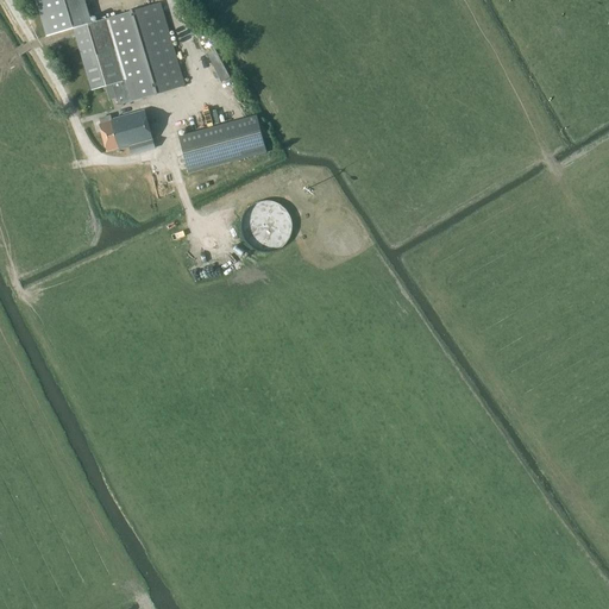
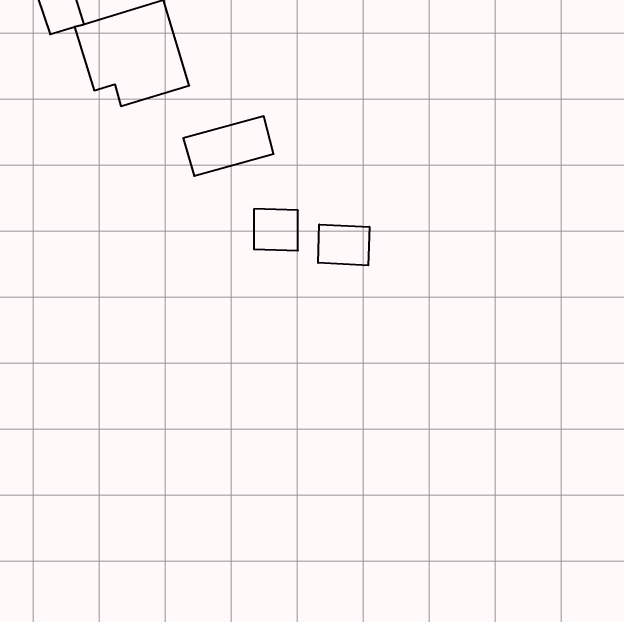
building: [99,108,155,152] -> none
building: none -> [318,224,369,265]

